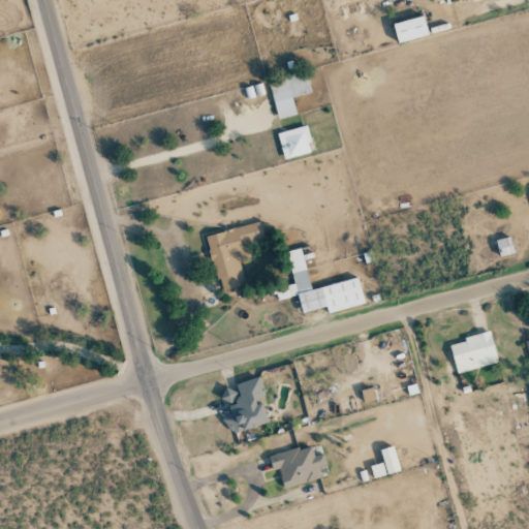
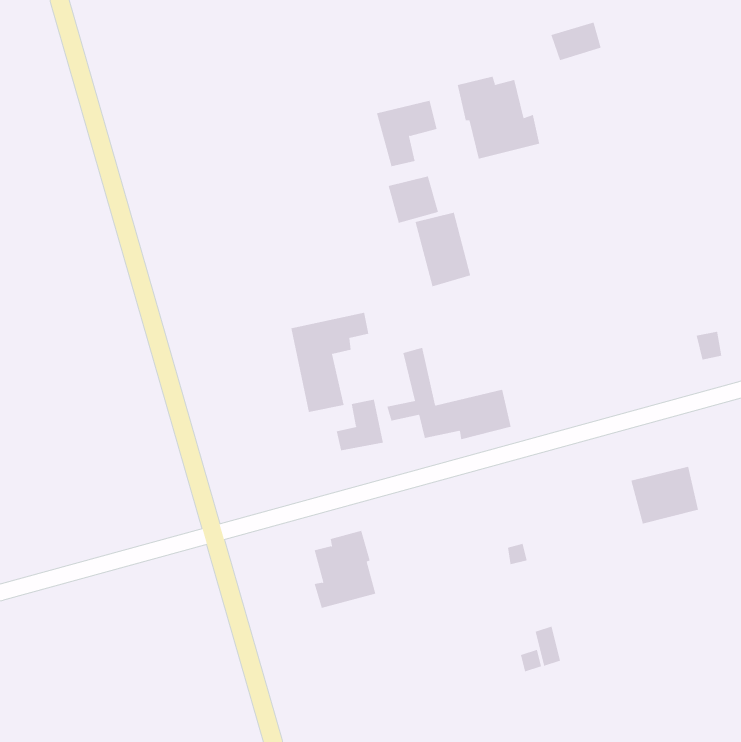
building: none -> [457,76,540,159]
building: none -> [415,212,471,287]
building: none -> [336,399,384,451]
building: [270,444,326,488] -> none

